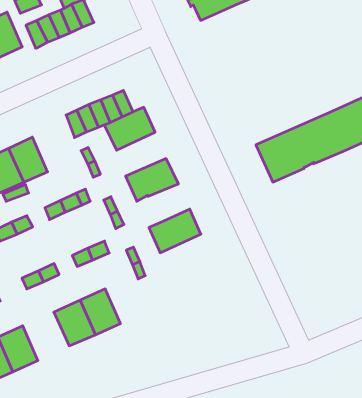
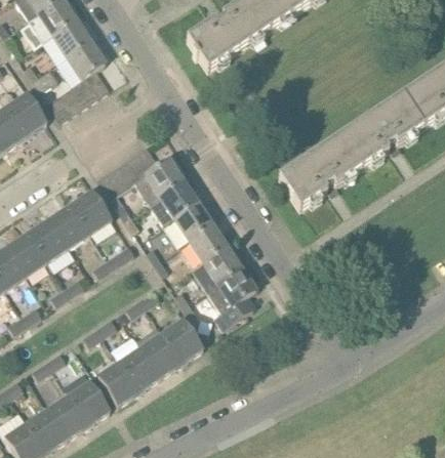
building: none -> [71,189,112,233]
building: none -> [151,179,198,223]
building: none -> [187,223,228,262]
building: none -> [207,266,256,327]
building: none -> [162,318,204,362]
building: none -> [98,362,137,404]

